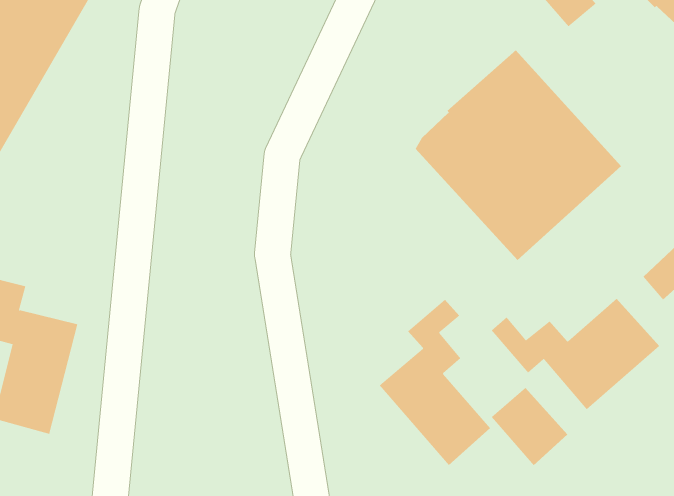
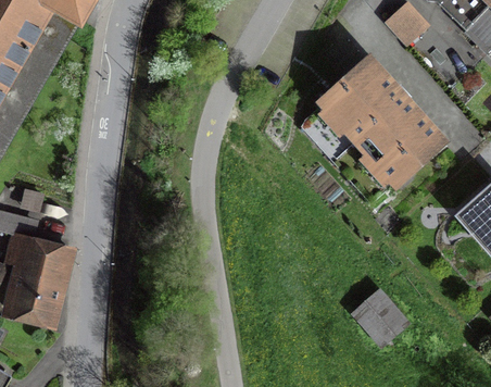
building: [491,298,660,410] -> none
building: [379,299,491,466] -> none

